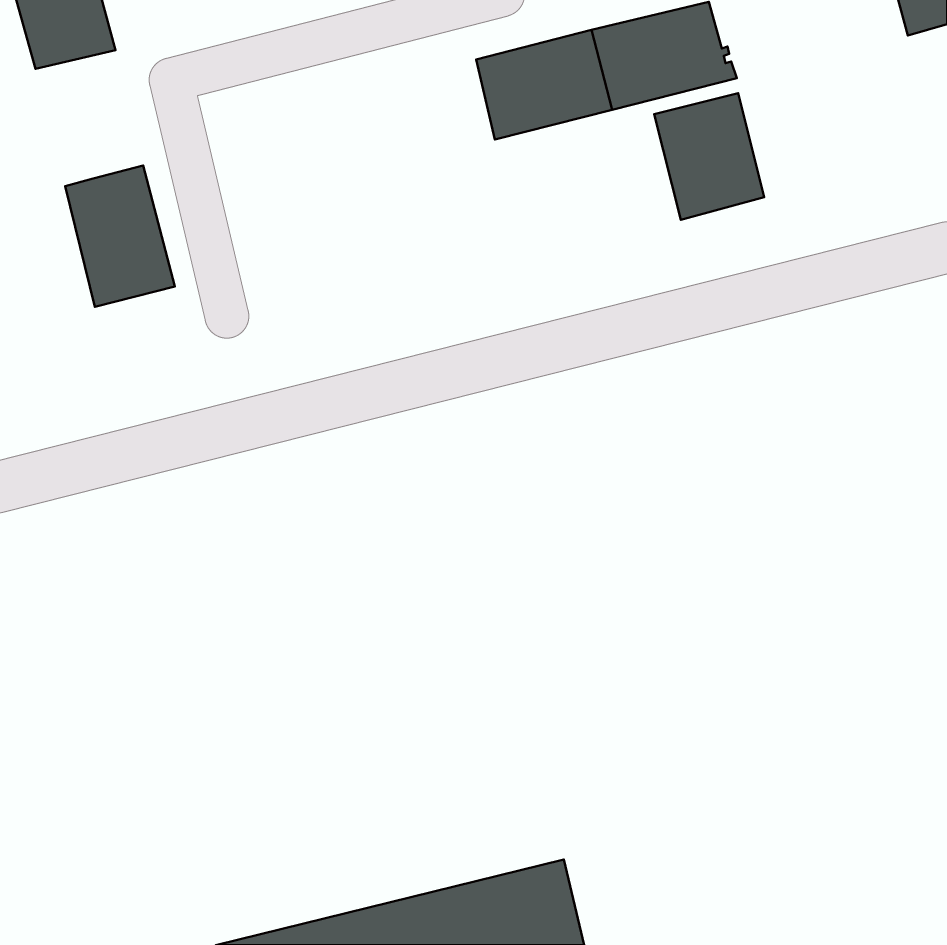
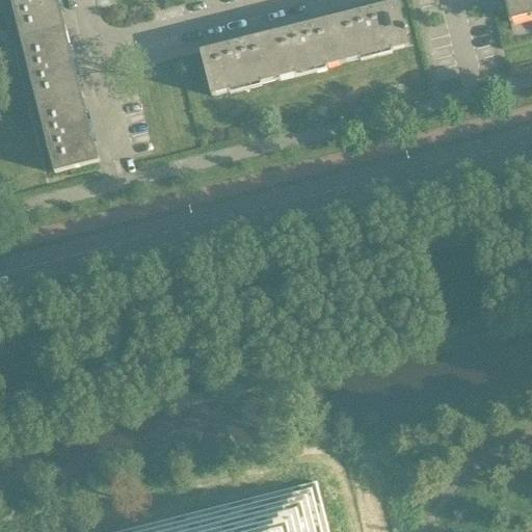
building: none -> [20,28,80,104]
building: none -> [198,33,276,95]
building: [654,93,764,220] -> none

